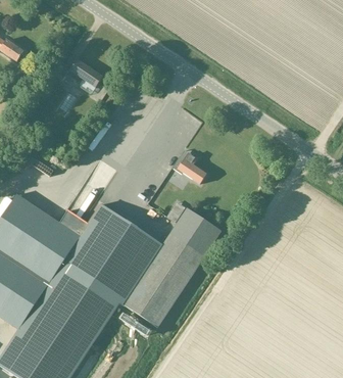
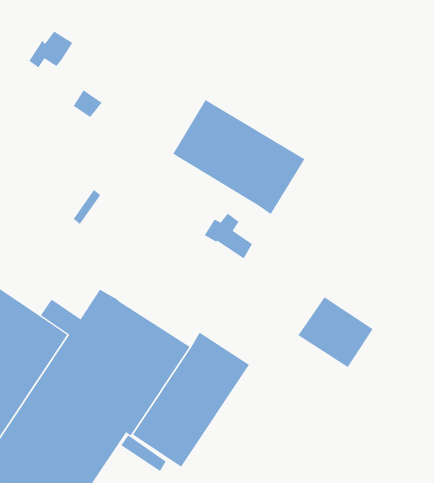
building: [59,59,90,85] -> [28,31,73,68]
building: none -> [173,99,305,215]
building: [169,207,222,256] -> [298,296,373,368]

